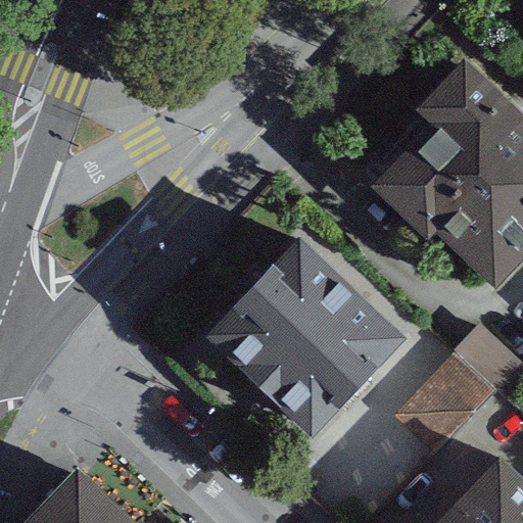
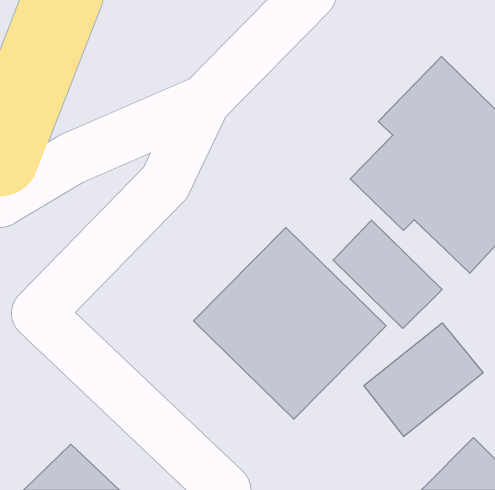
building: none -> [333,220,442,328]

